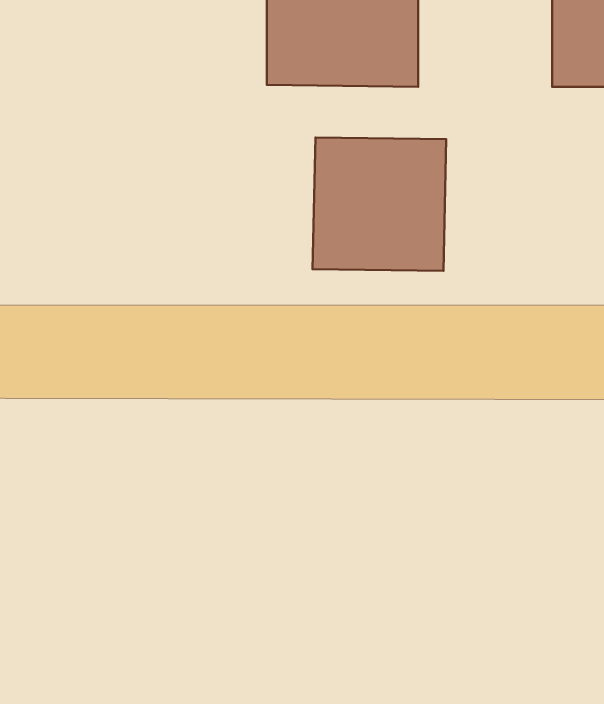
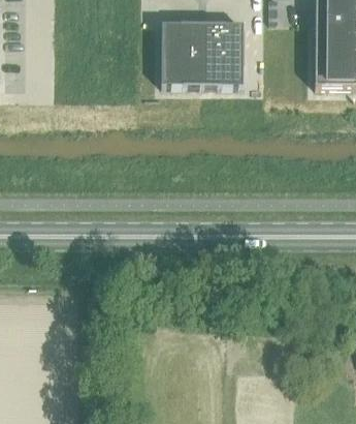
building: [313,138,446,271] -> none

